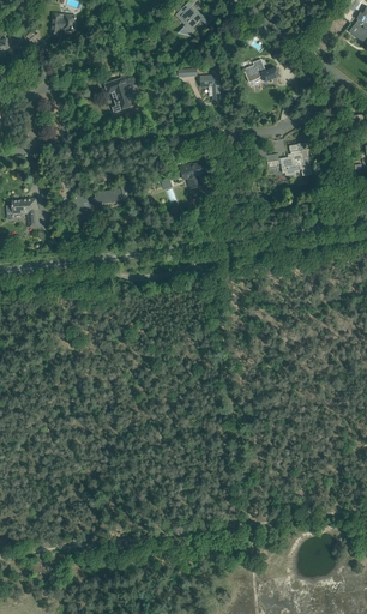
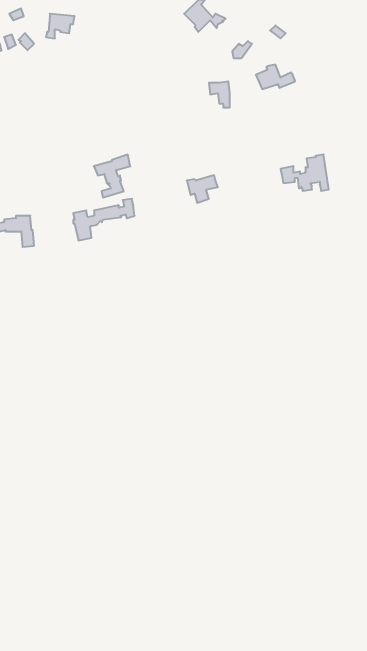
building: [104,73,138,113] -> [94,155,130,198]

